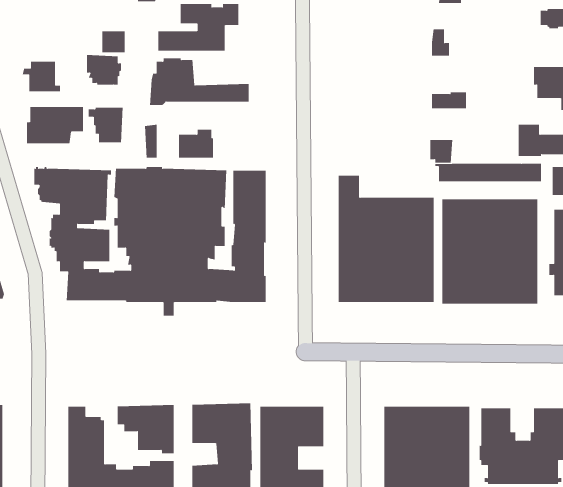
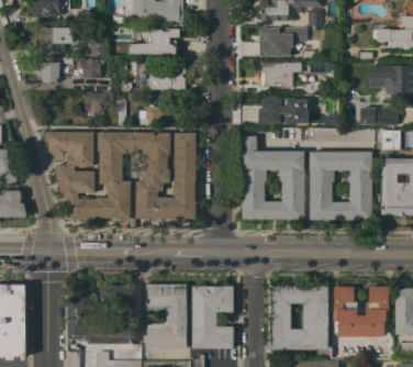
building: none -> [259,29,303,53]
building: none -> [259,63,301,87]
building: [26,106,84,144] -> [35,27,72,52]
building: none -> [255,96,298,127]

